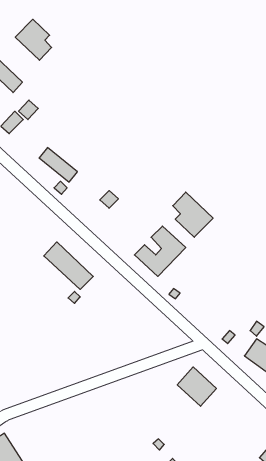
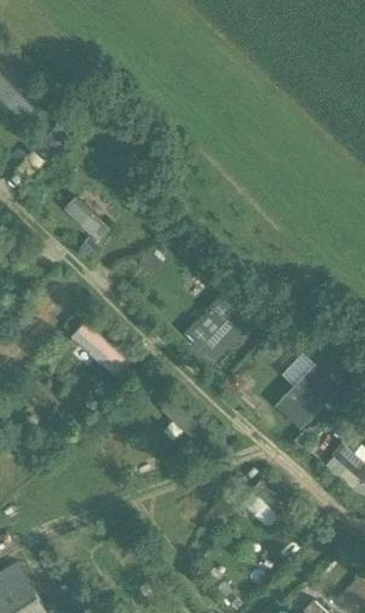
building: [15,19,52,60] -> none
building: [173,192,213,237] -> none
building: none -> [274,364,340,430]

